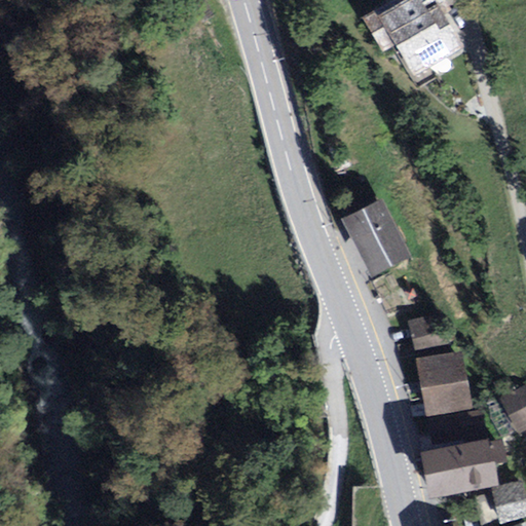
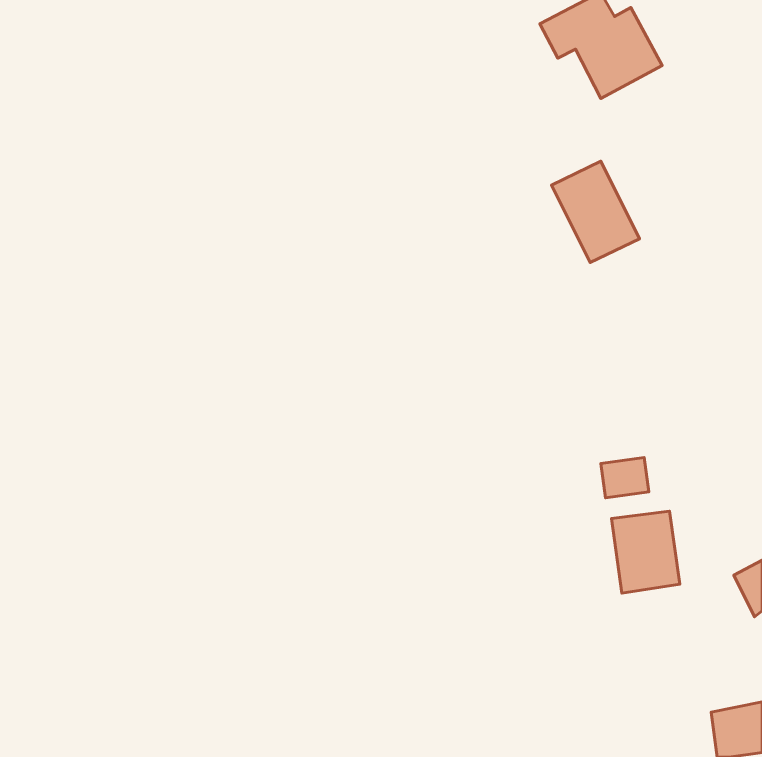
building: [346,200,407,270] -> [552,161,640,263]
building: [426,443,492,495] -> none

